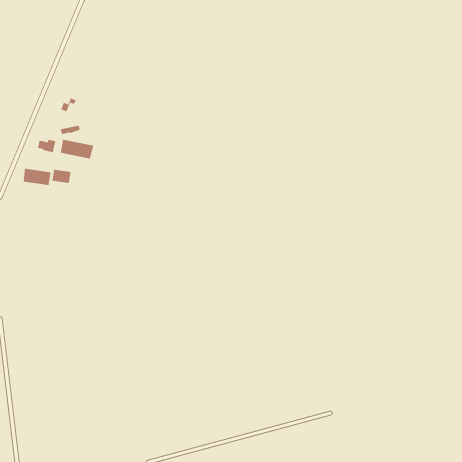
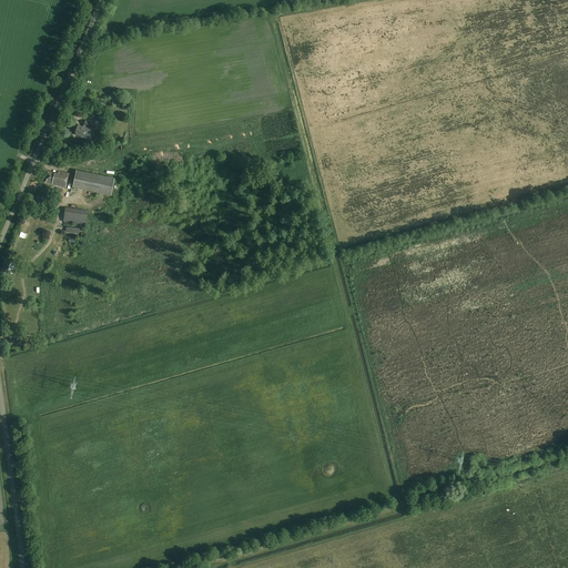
building: [23,168,51,186] -> none

